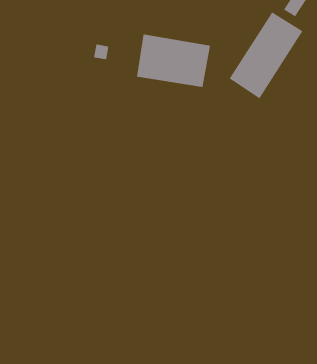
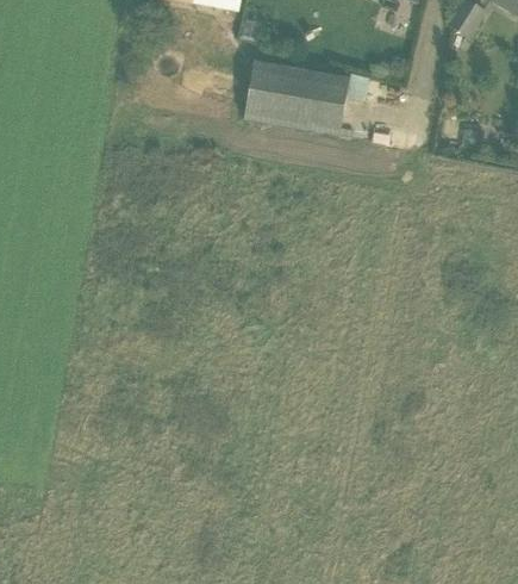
building: [229,12,303,99] -> none

